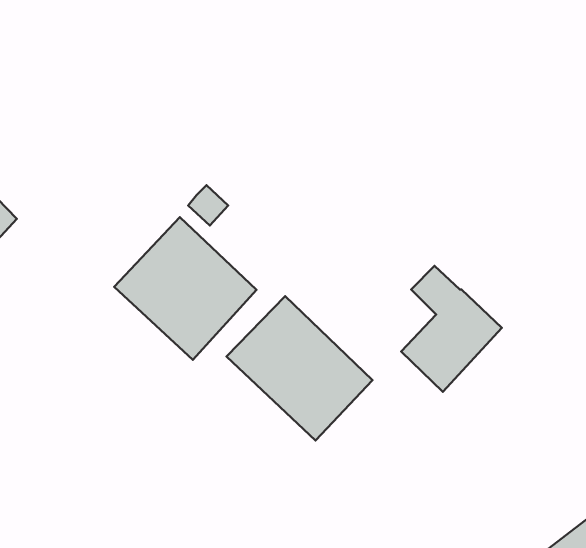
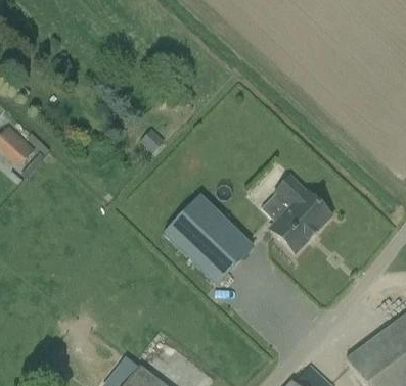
building: [114,217,257,360] -> none

